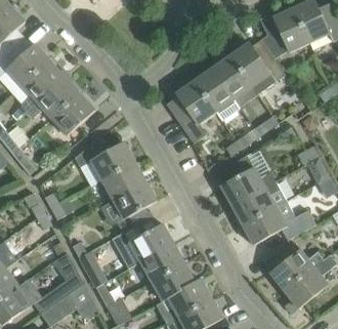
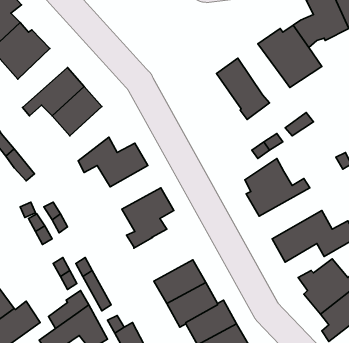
building: [212,55,252,99] -> none
building: [19,59,65,111] -> none
building: [175,81,215,142] -> none
building: [101,161,145,199] -> none
building: [230,180,285,224] -> none
building: [112,222,173,268] -> none

